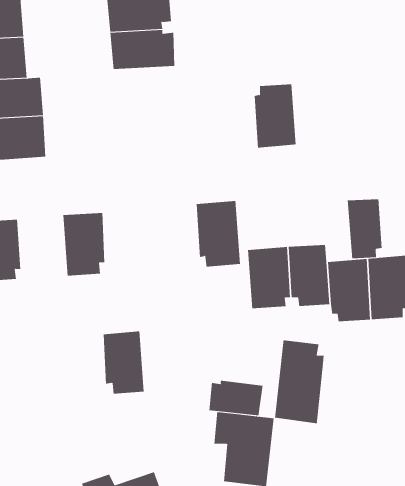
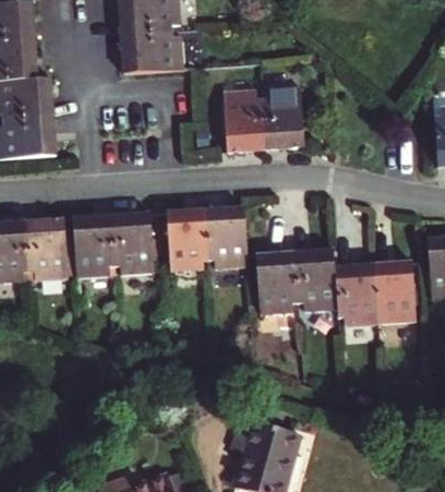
building: none -> [224,91,266,155]
building: [347,198,382,259] -> none
building: none -> [167,207,208,273]
building: none -> [27,218,70,283]
building: [103,331,144,394] -> [112,213,154,276]
building: [275,340,324,424] -> none
building: [209,380,263,416] -> none

